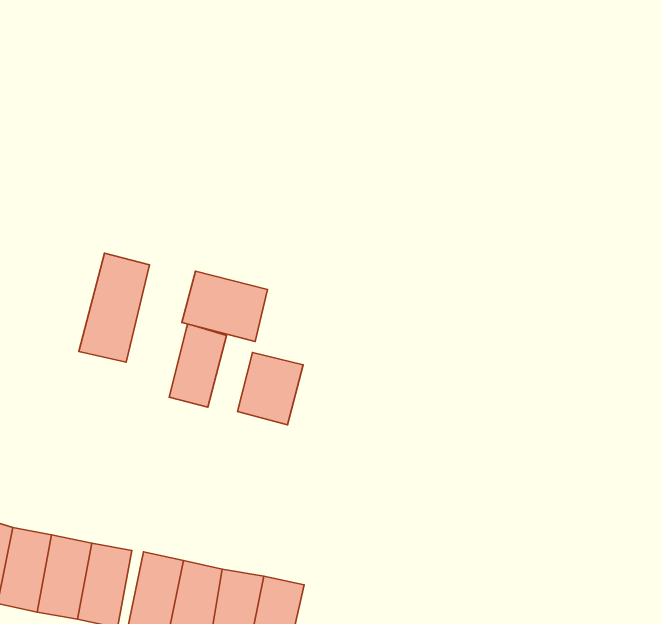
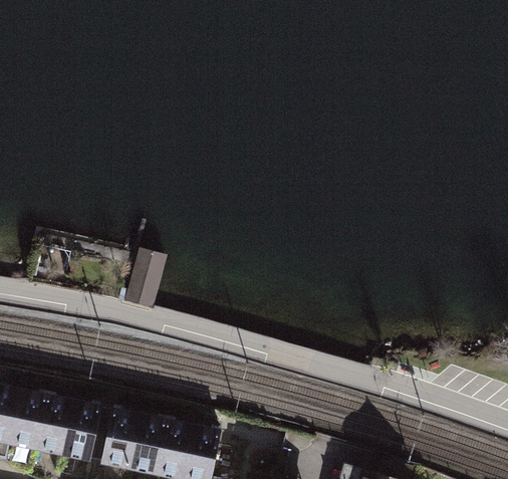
building: [79,253,150,362] -> none
building: [182,271,268,341] -> none
building: [237,353,303,425] -> none

